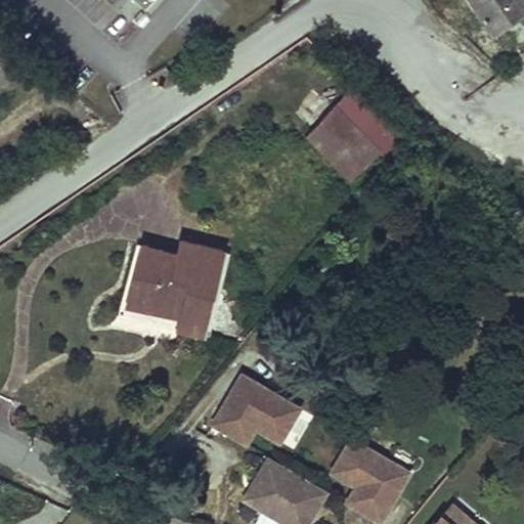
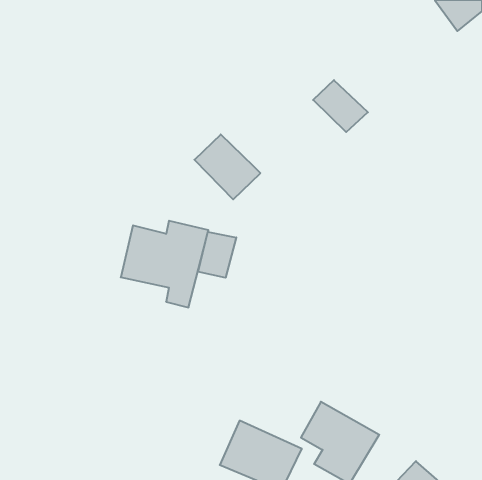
building: [311,111,383,181] -> [194,134,260,199]
building: none -> [198,232,236,278]
building: [209,375,302,448] -> none

